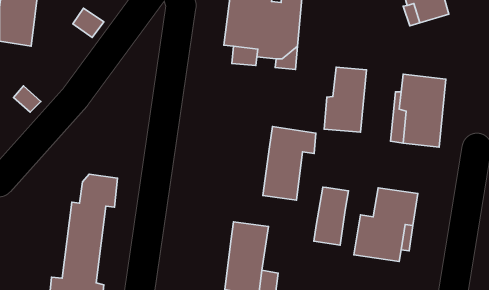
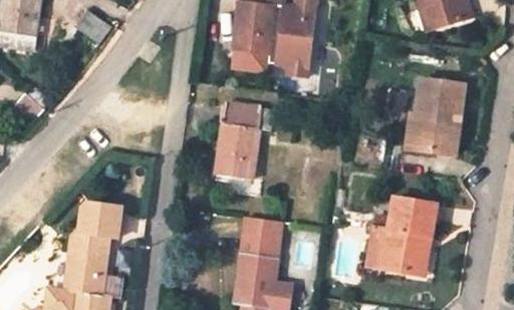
building: [324,67,367,132] -> none
building: [263,126,316,200] -> [217,102,272,179]
building: [314,187,348,245] -> none

